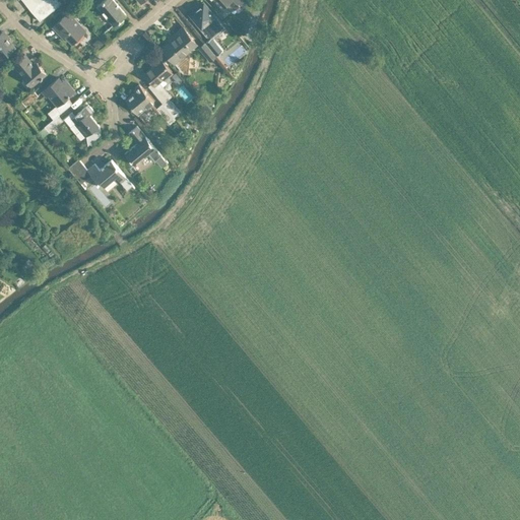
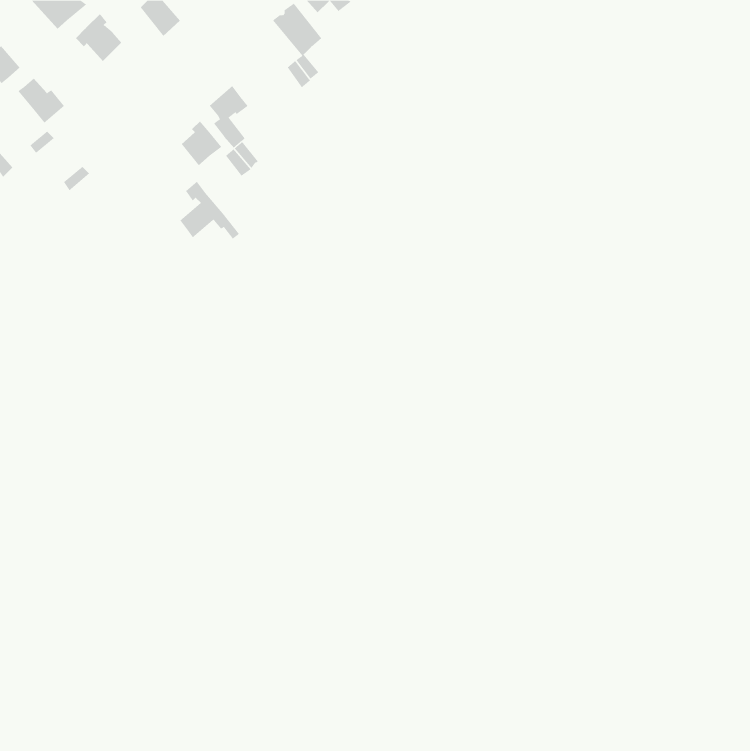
building: [161,26,196,73] -> none
building: [42,77,73,113] -> none
building: [64,104,100,145] -> none
building: [68,158,126,187] -> none

